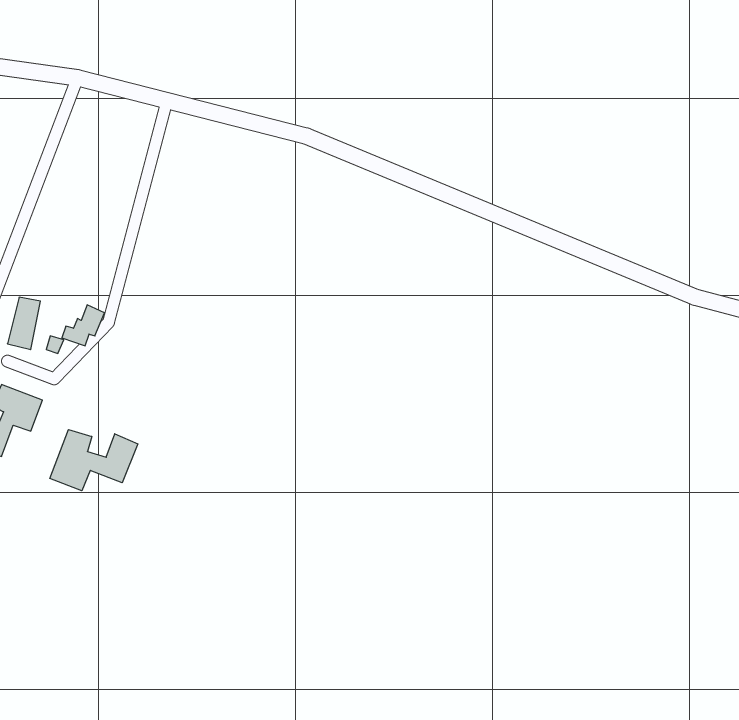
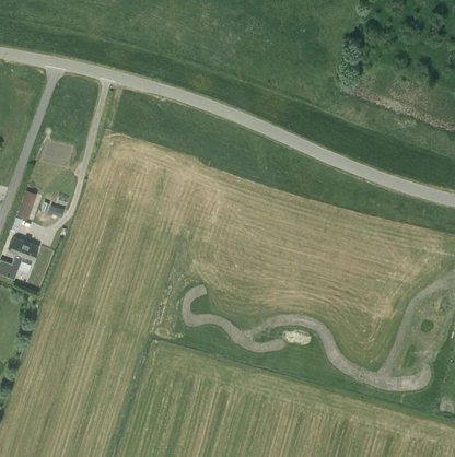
building: [50,430,138,491] -> none

